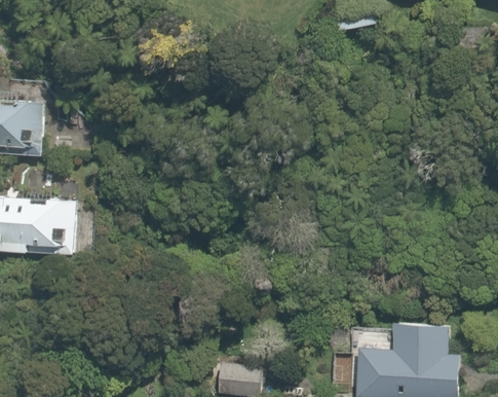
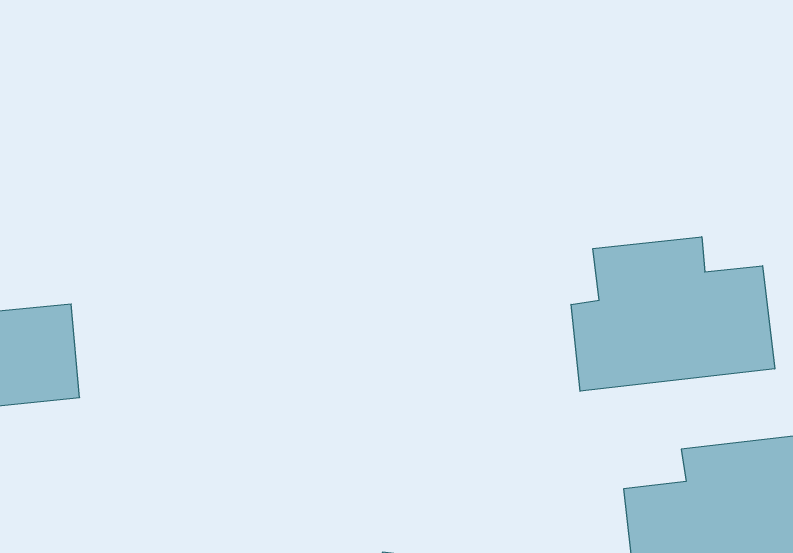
building: none -> [571,237,775,391]

